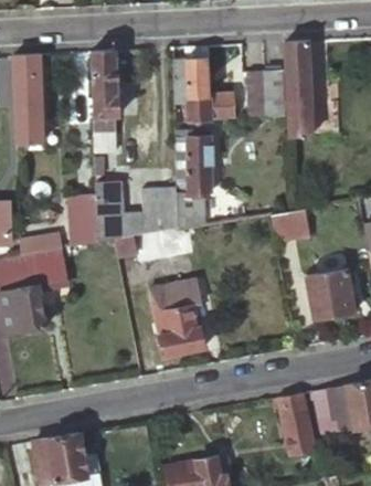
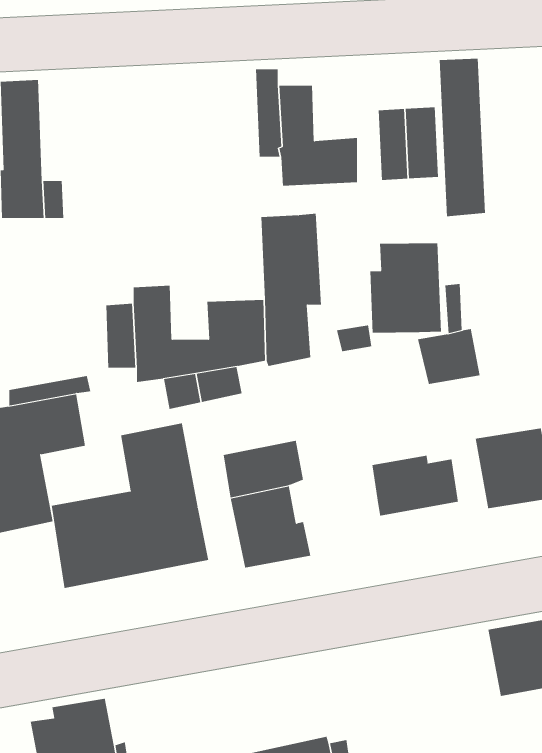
building: [91,51,120,151] -> none
building: none -> [370,242,441,333]
building: none -> [51,423,209,589]
building: none -> [372,455,458,517]
building: [277,393,311,448] -> none

